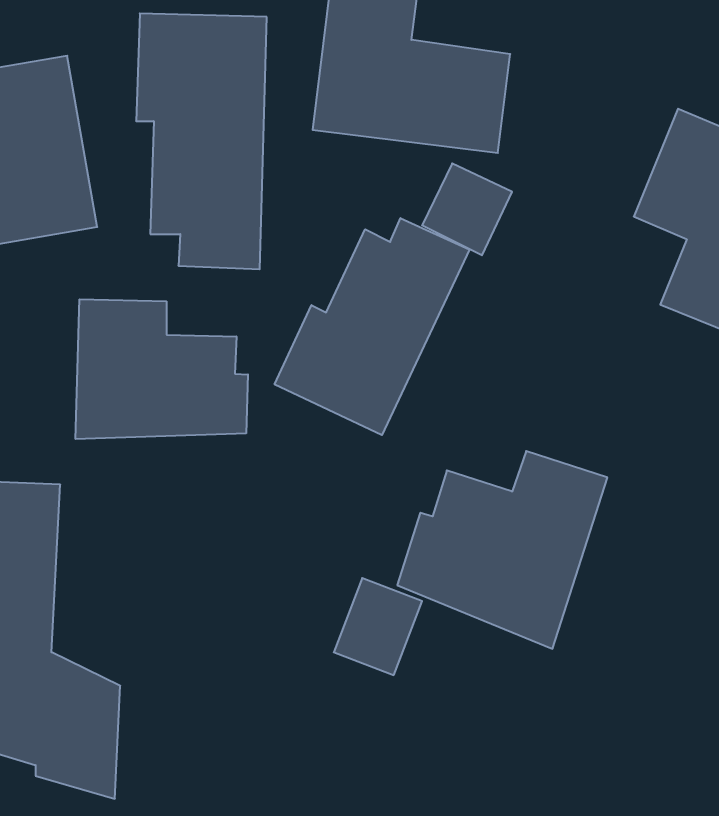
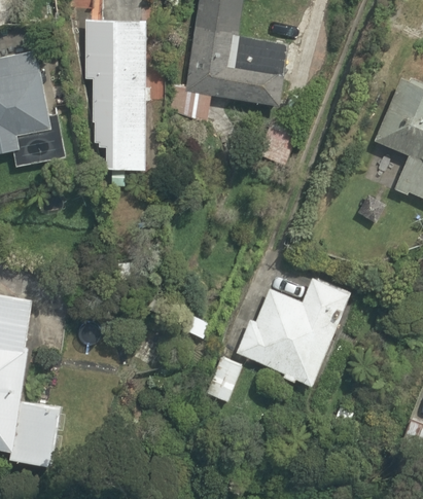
building: [275,218,470,435] -> none
building: [76,299,248,439] -> none

